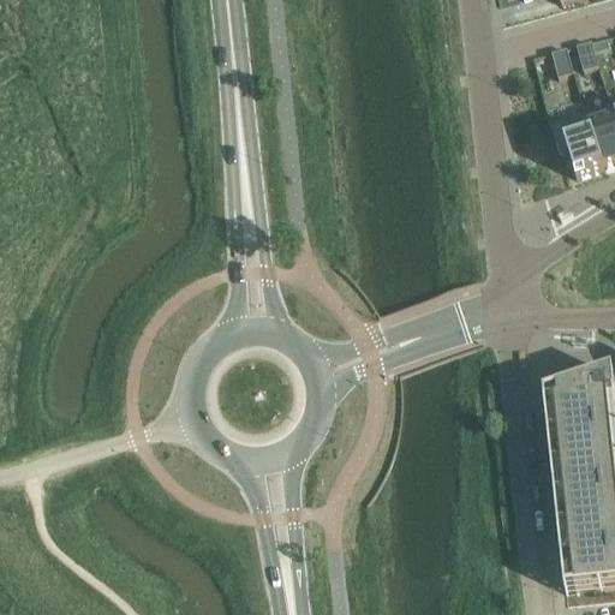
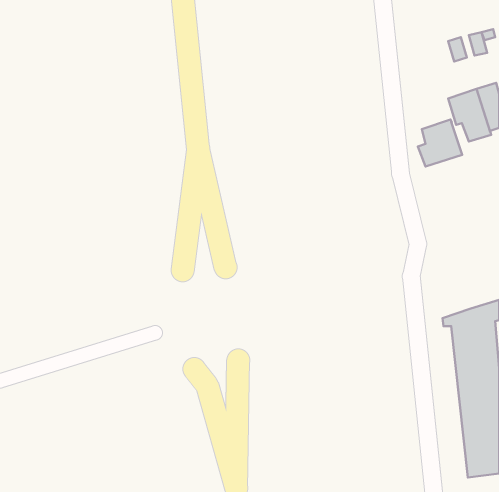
building: none -> [418,119,462,166]

